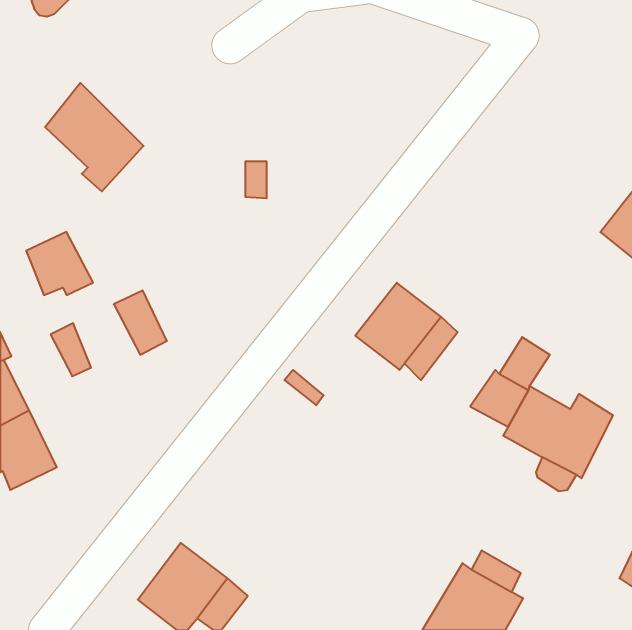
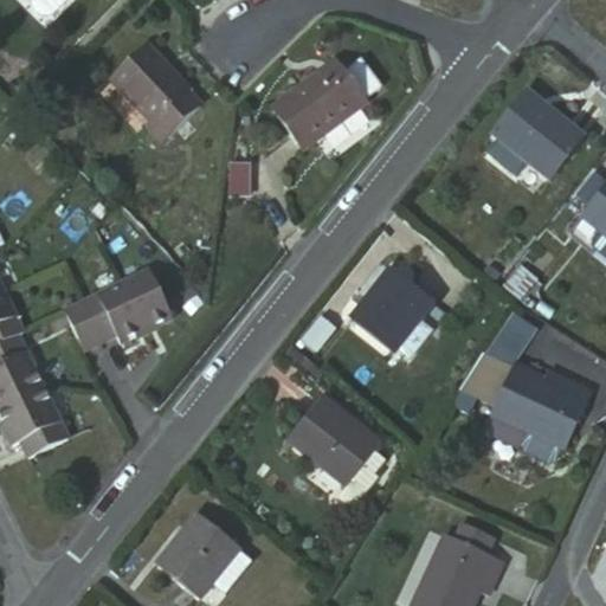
building: none -> [283,54,378,141]
building: [45,83,144,191] -> [121,45,213,147]
building: none -> [490,86,582,178]
building: [26,232,93,295] -> [82,285,144,344]
building: none -> [291,393,379,479]

